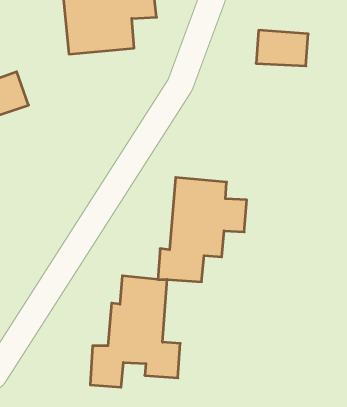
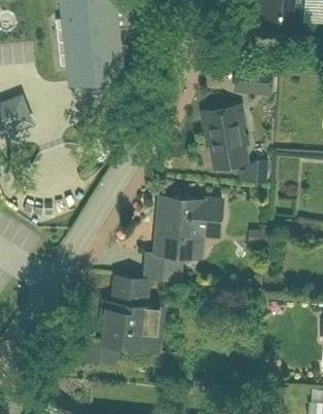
building: none -> [198,109,261,186]

